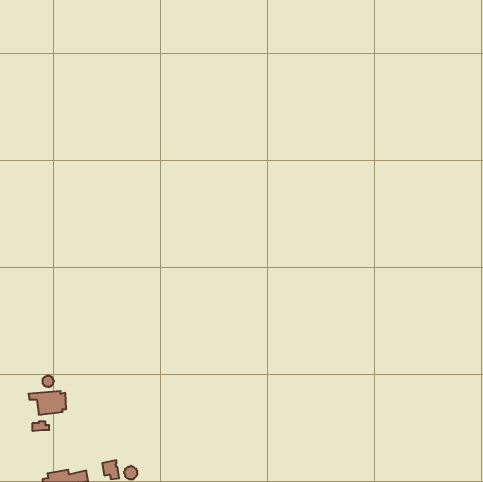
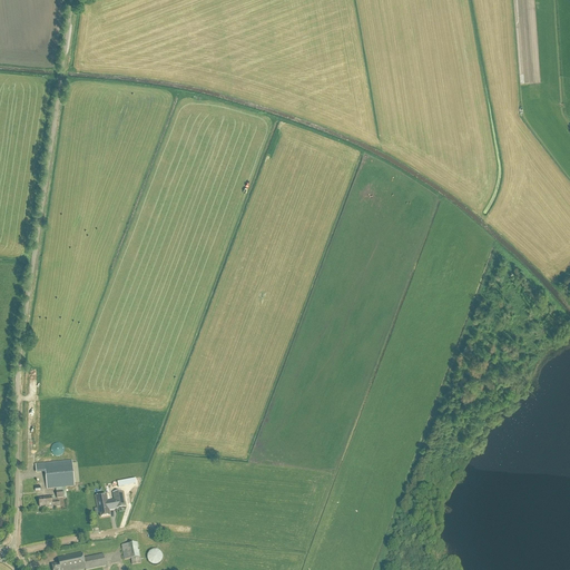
building: none -> [95,490,125,515]

